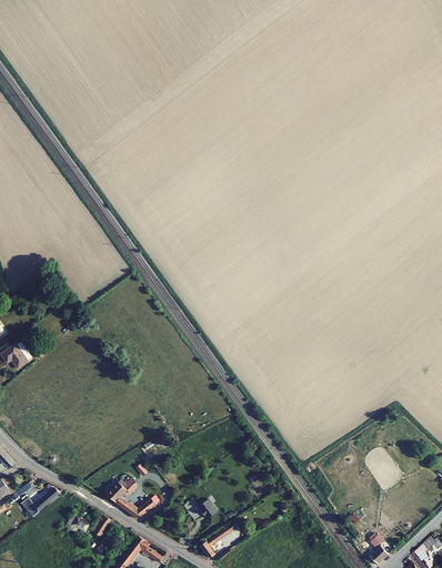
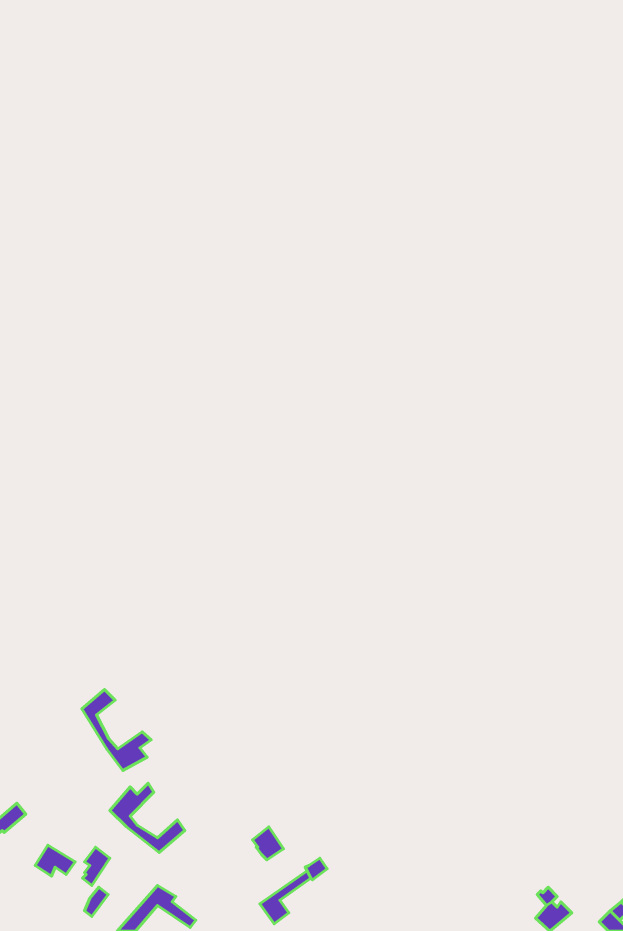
building: none -> [82,690,151,770]

